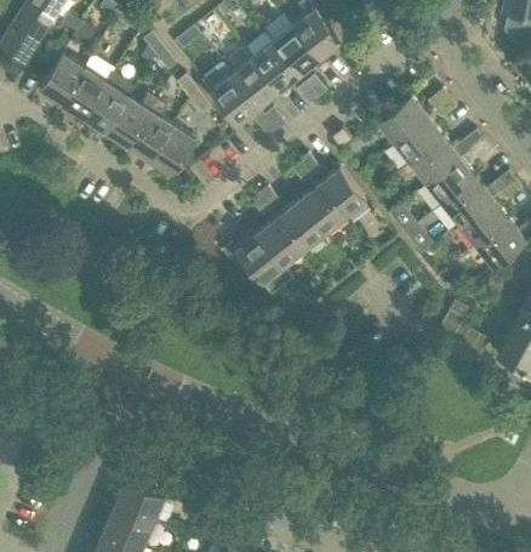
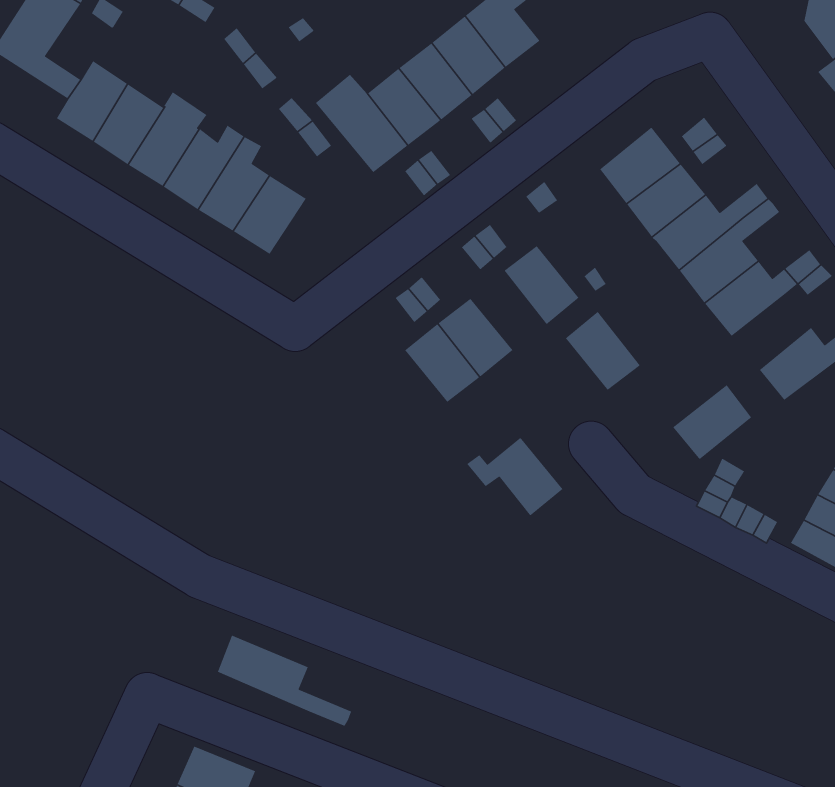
building: [298,186,346,235] -> [565,311,641,391]
building: [461,200,510,247] -> [672,384,752,460]
building: [223,235,284,285] -> [466,437,563,517]
building: none -> [217,635,352,727]

